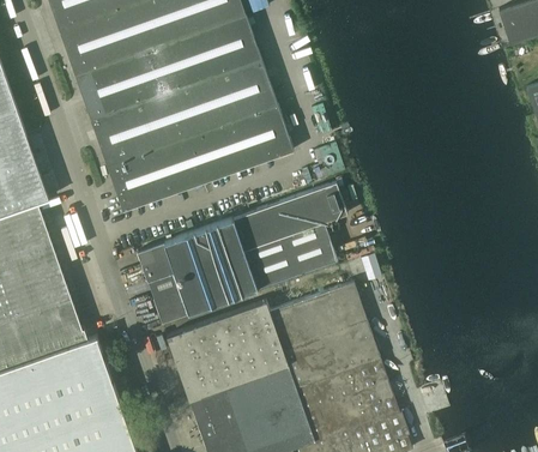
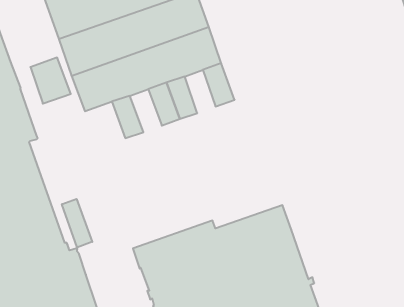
building: [231,114,270,168] -> none
building: [163,138,202,192] -> none
building: [107,153,157,211] -> [30,58,71,104]
building: [137,183,346,323] -> none
building: none -> [62,199,92,248]

